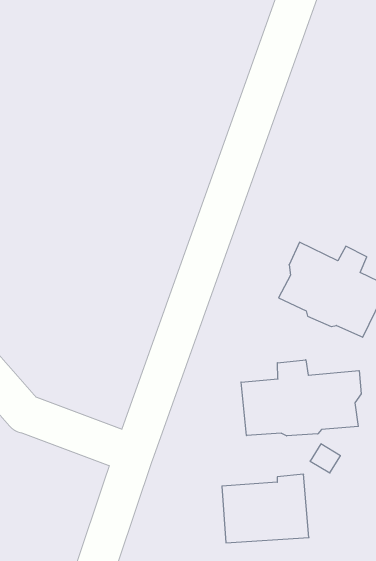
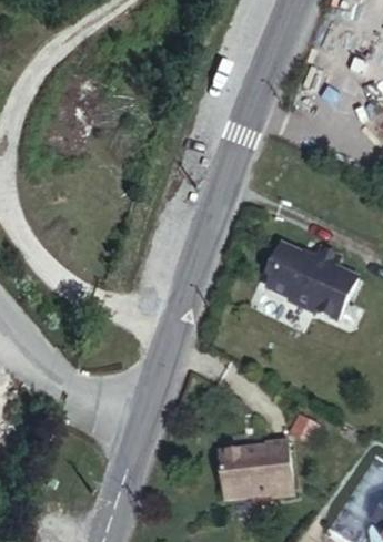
building: [241,360,361,436] -> none

